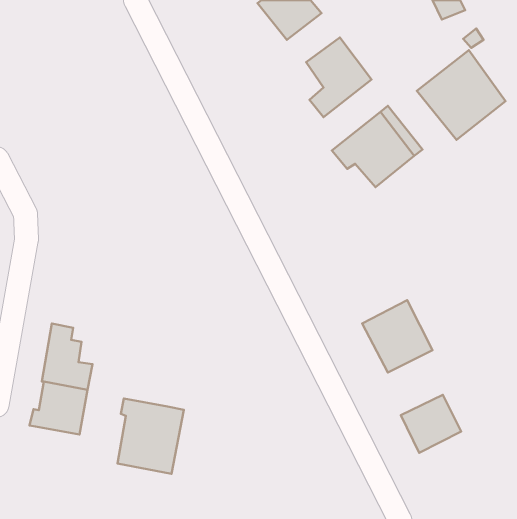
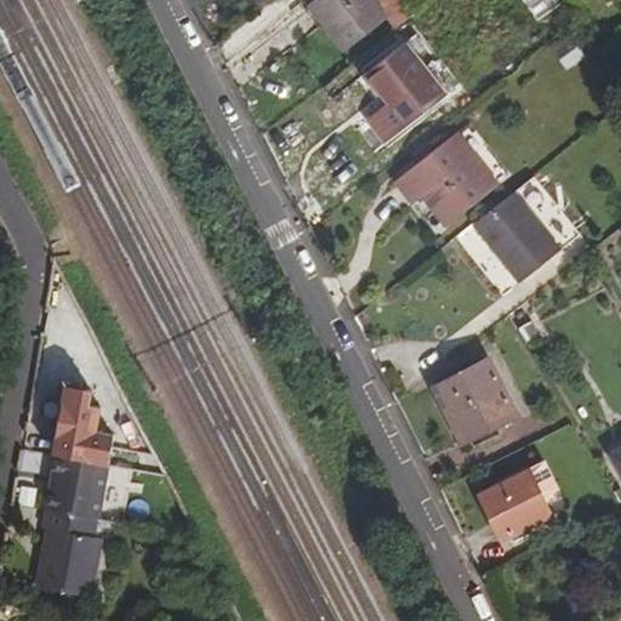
building: [417,50,505,140] -> [471,176,576,283]
building: [118,398,184,474] -> [35,509,114,599]

